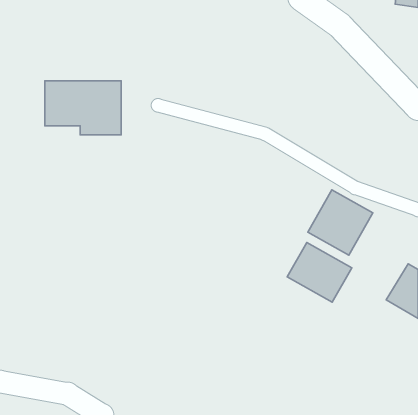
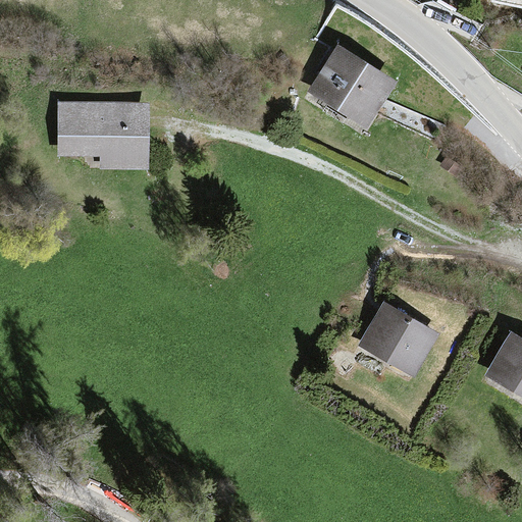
building: none -> [307,43,397,128]
building: [308,190,373,255] -> none

